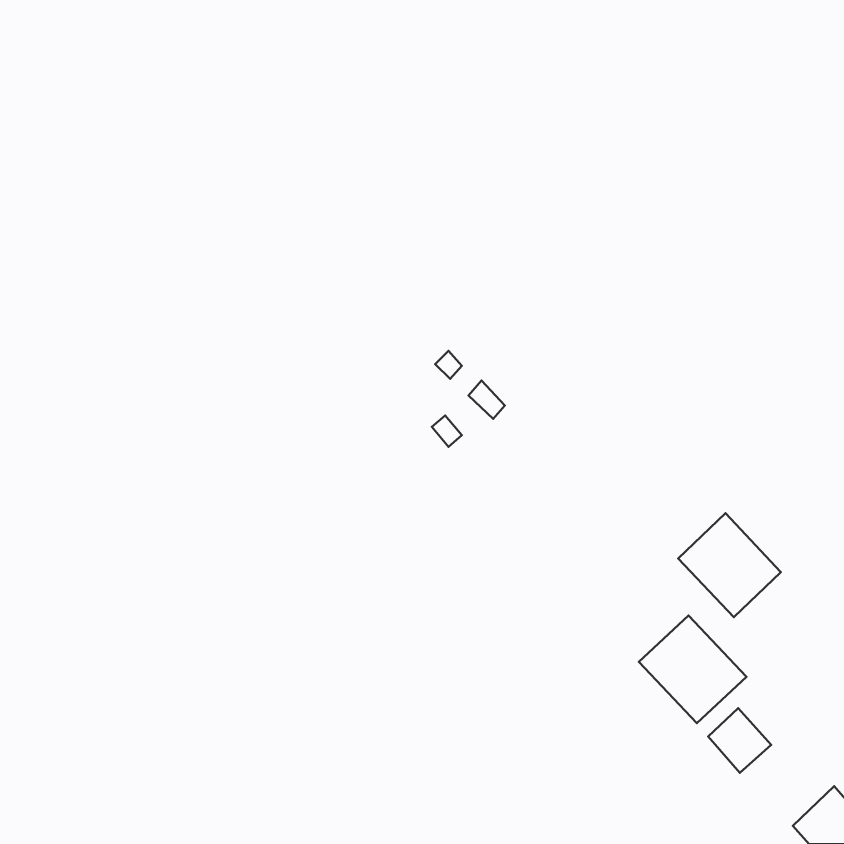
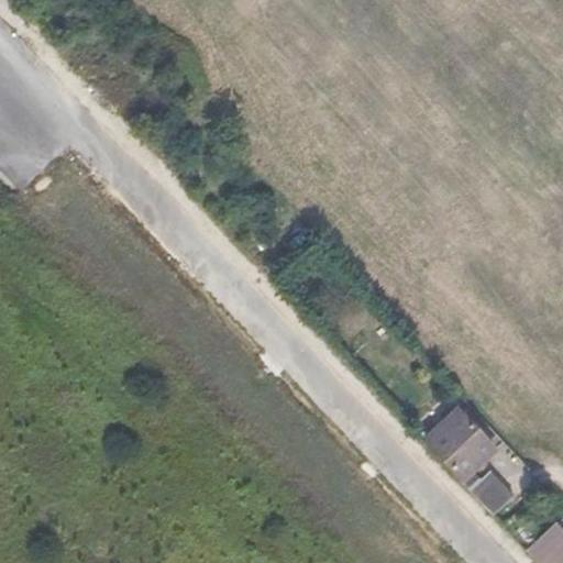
building: [678,513,781,617] -> none

